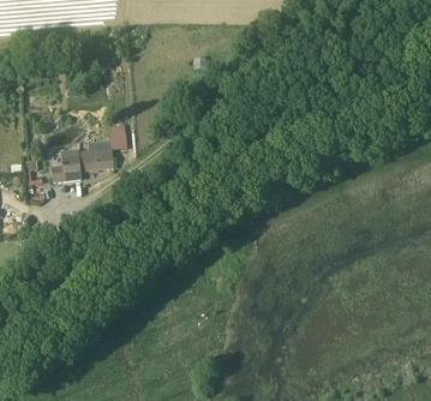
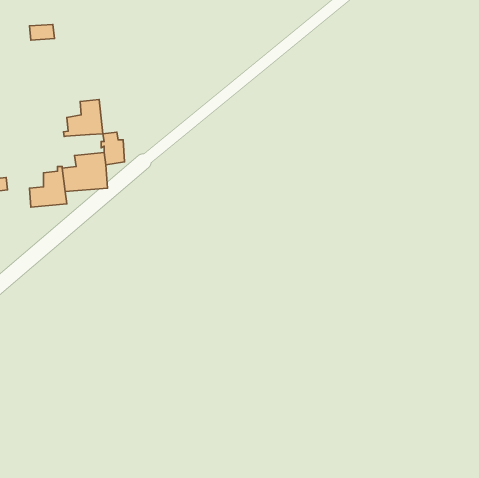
building: none -> [63,99,103,136]

